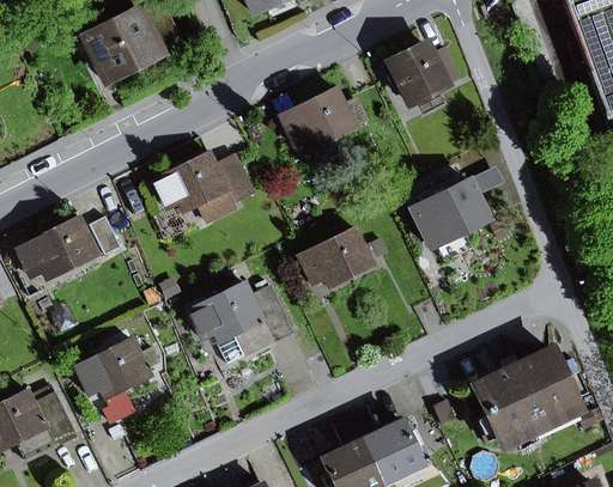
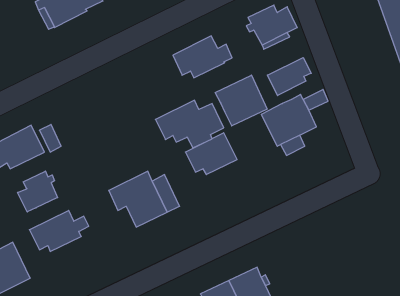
building: none -> [267,58,311,96]
building: none -> [215,75,267,126]
building: [153,152,251,220] -> [155,100,224,148]
building: none -> [18,171,58,212]
building: [473,348,578,443] -> none

